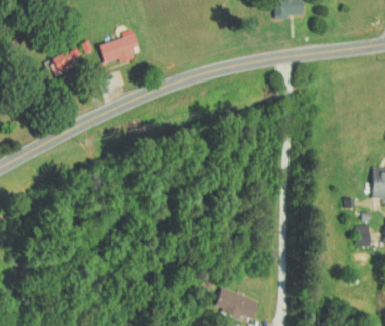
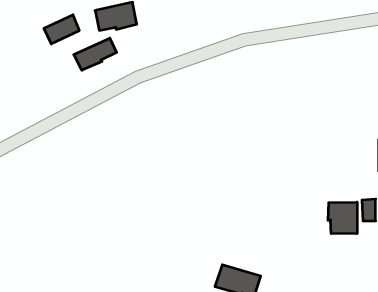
building: none -> [74,38,117,70]
building: none -> [328,202,357,234]

